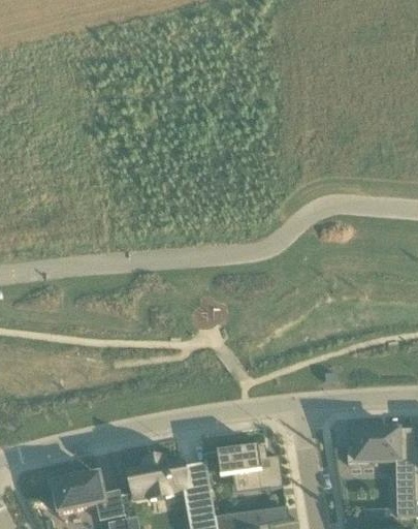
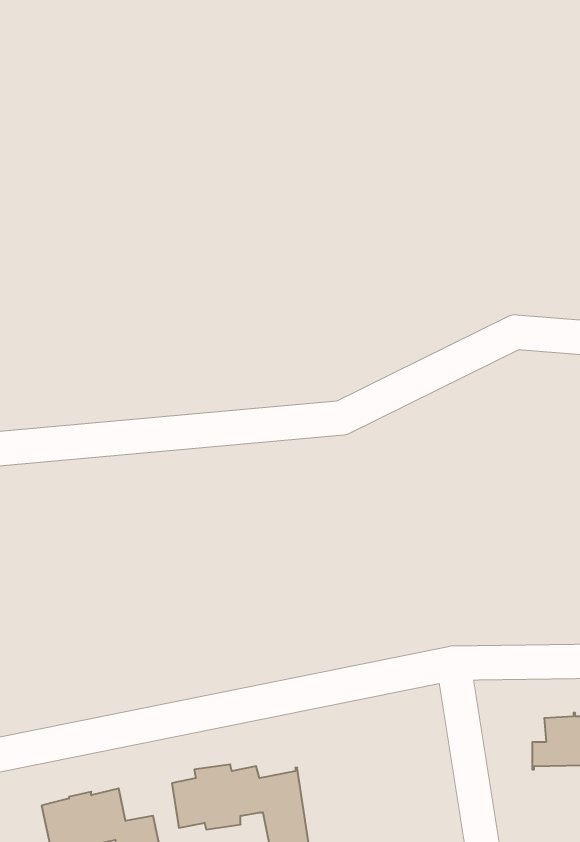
building: [208,445,284,489] -> none

